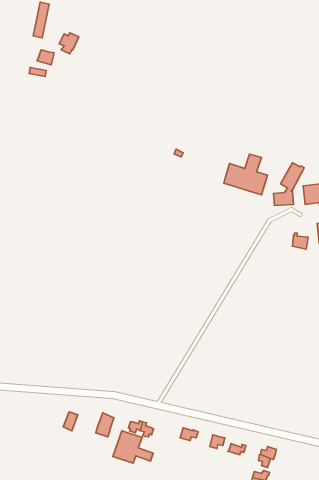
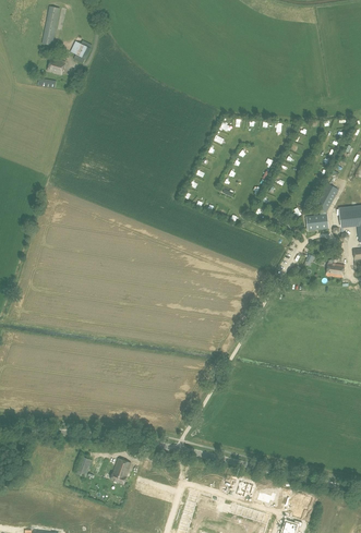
building: [224,154,267,195] -> none
building: [113,431,153,463] -> none

